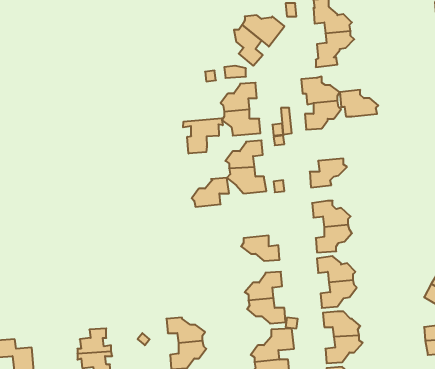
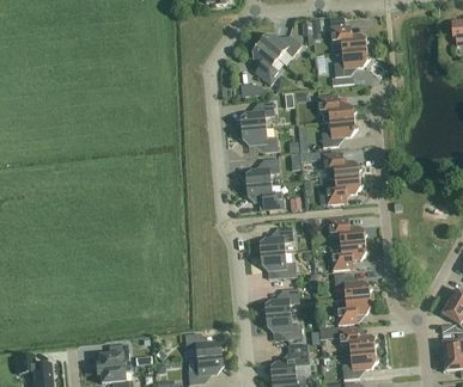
building: [340,90,378,116] -> [323,152,361,178]
building: [183,118,223,154] -> none
building: [192,178,229,207] -> [257,226,294,254]

